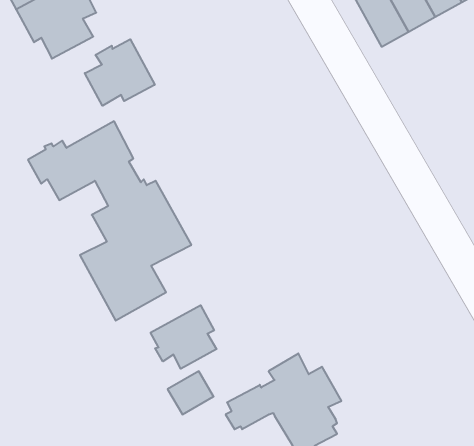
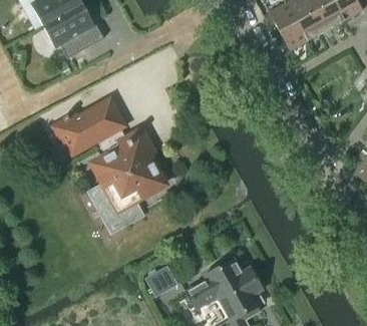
building: [85,39,155,106] -> none
building: [151,305,217,369] -> none

